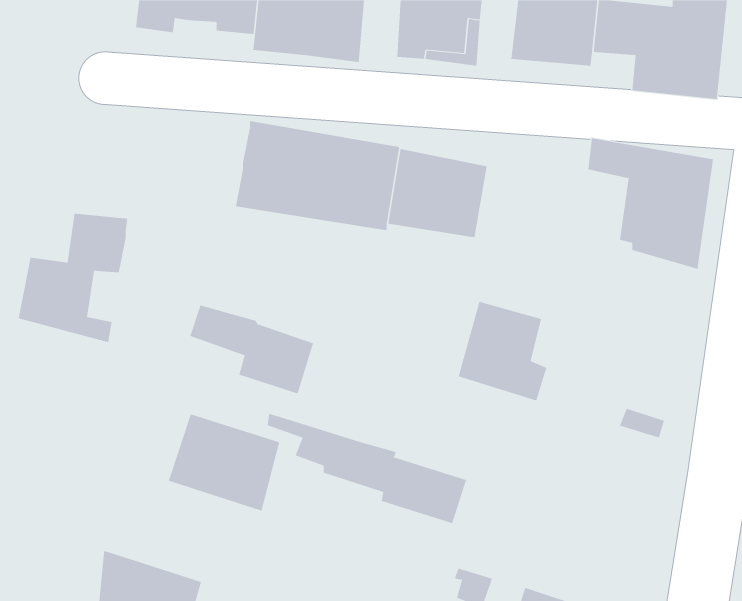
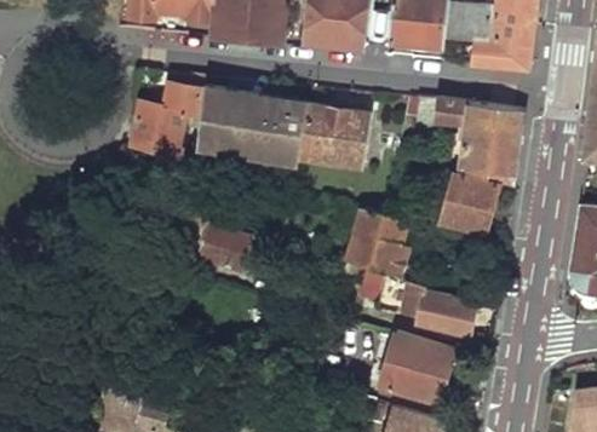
building: [18,213,128,343] -> [131,73,207,162]
building: none -> [442,175,498,236]
building: [267,413,467,524] -> [340,259,478,335]
building: [168,413,280,511] -> none
building: none -> [381,338,453,404]

